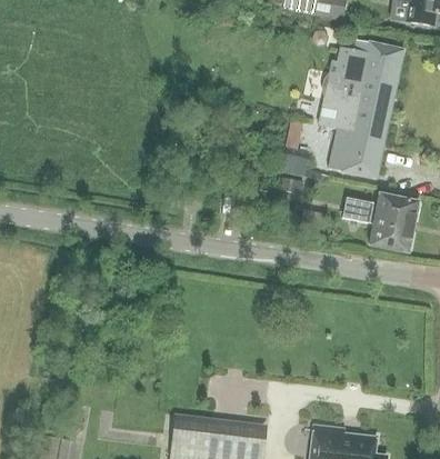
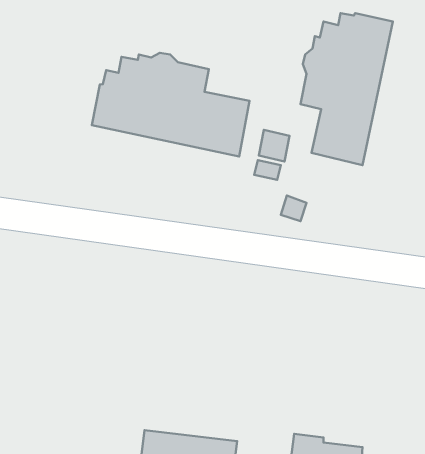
building: none -> [92,53,250,156]
building: [342,192,418,251] -> none

